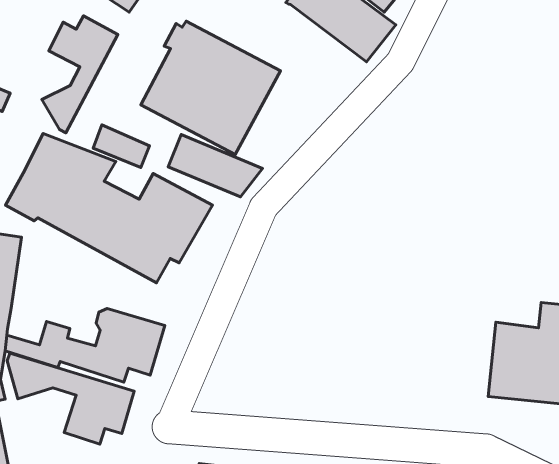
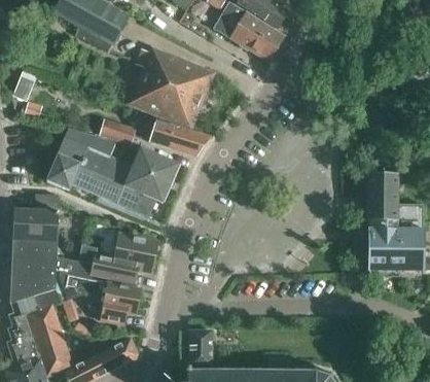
building: [42,16,118,133] -> none
building: none -> [366,173,397,220]

